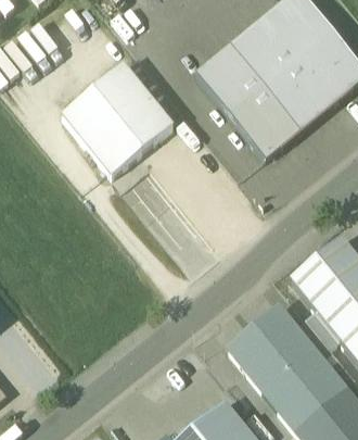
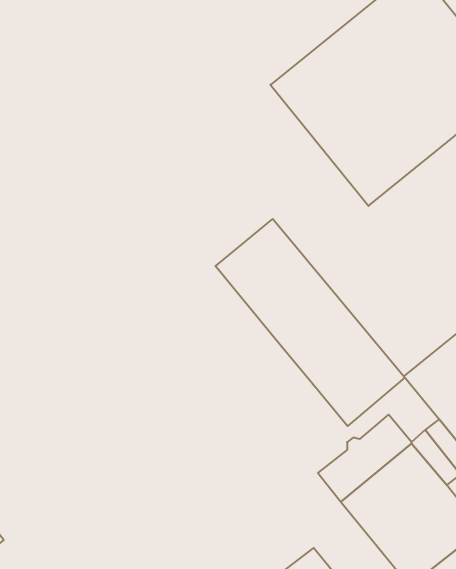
building: [63,63,175,175] -> none
building: none -> [215,219,405,426]

